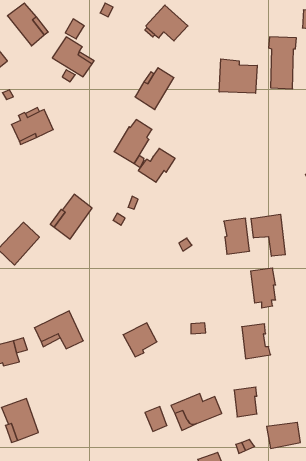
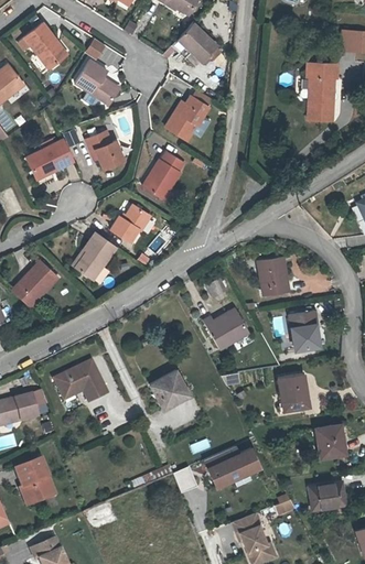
building: [219,59,257,93] -> none
building: none -> [87,129,125,166]
building: [138,148,175,182] -> [110,204,151,241]
building: [251,214,285,256] -> none
building: none -> [206,312,253,351]
building: [234,387,257,417] -> [320,426,345,459]

